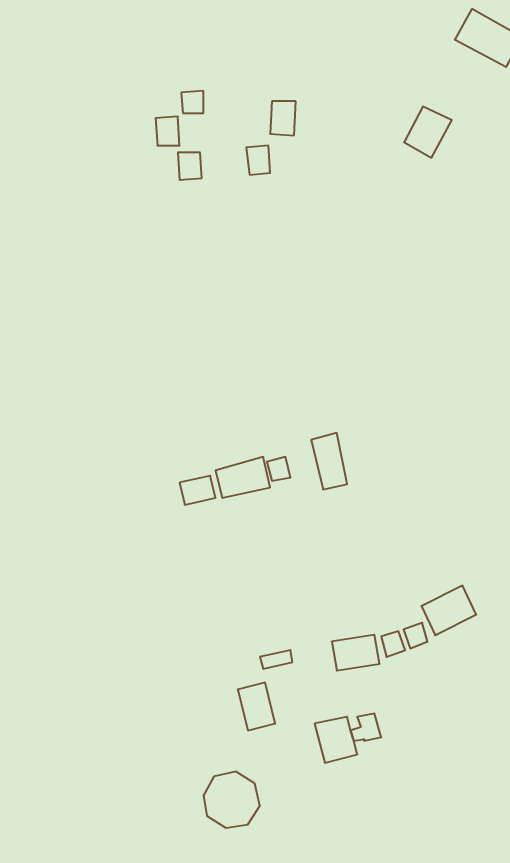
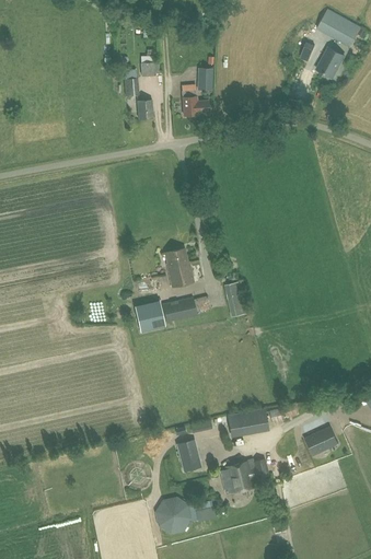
building: [404,106,452,158] -> [315,46,346,79]
building: none -> [165,247,194,287]
building: [421,586,476,635] -> [303,424,338,456]

